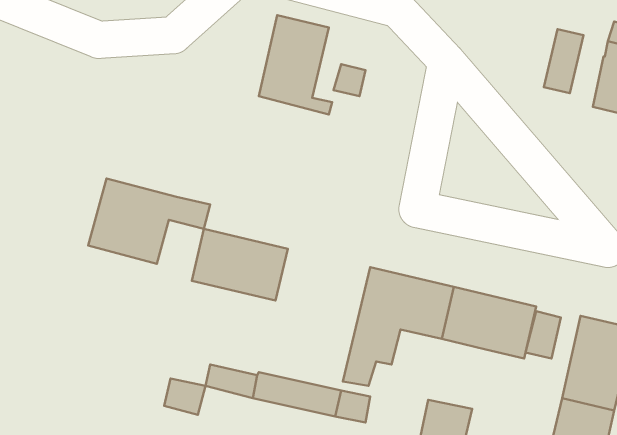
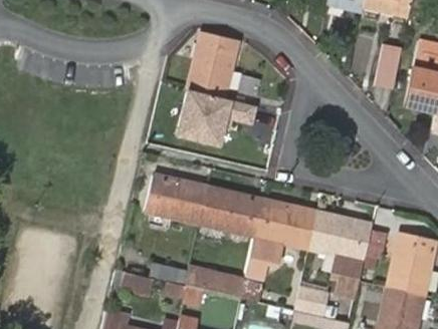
building: [88,179,210,264] -> [176,88,256,144]
building: none -> [199,189,261,235]
building: none -> [333,255,363,296]

